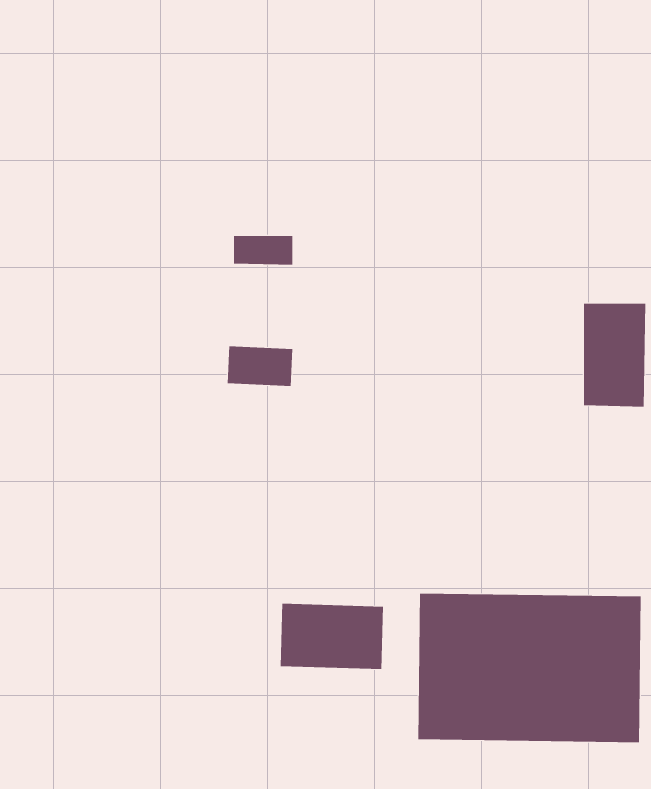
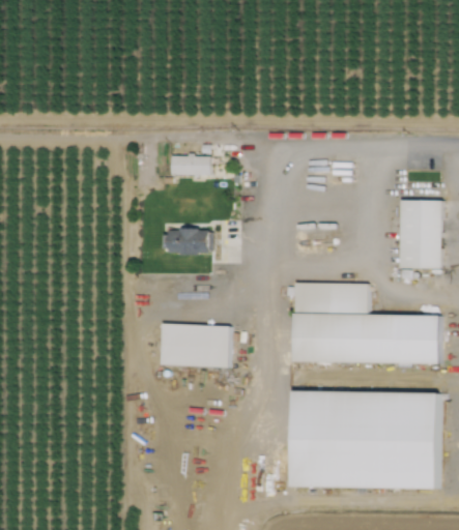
building: none -> [294,283,440,363]
building: [280,603,384,669] -> [162,323,230,366]

